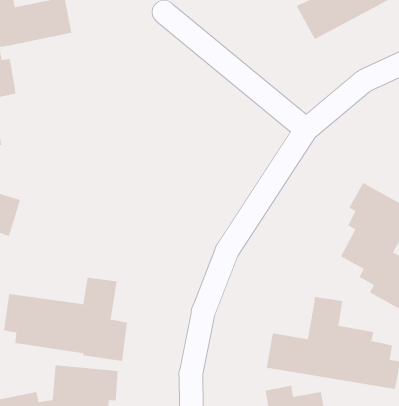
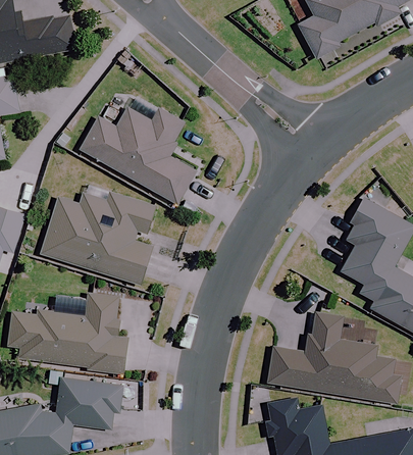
building: none -> [82,93,197,204]
building: none -> [41,181,158,285]

